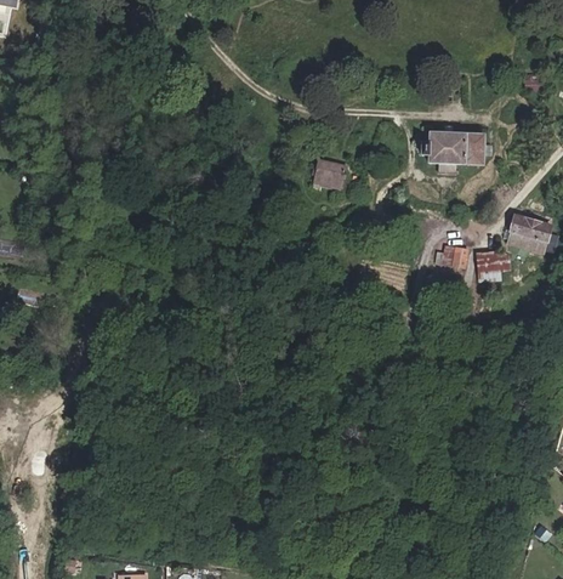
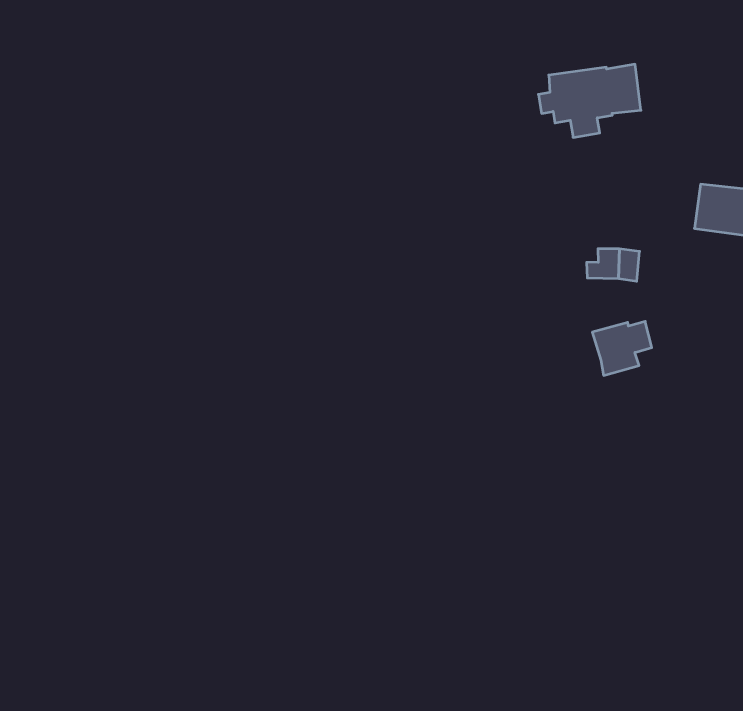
building: [313,159,347,187] -> none
building: [474,250,510,280] -> [592,321,652,375]

